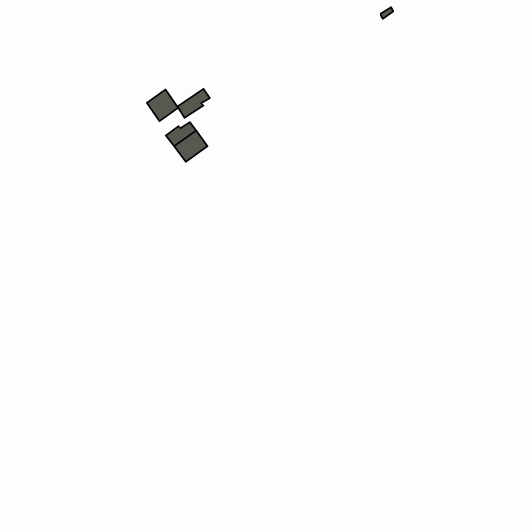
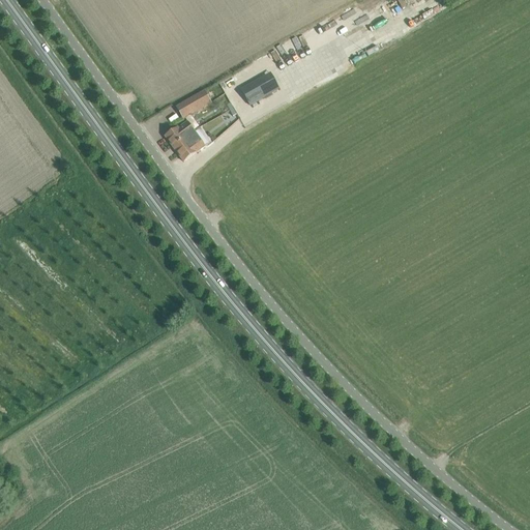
building: none -> [242,77,273,104]
building: [147,90,178,121] -> none

